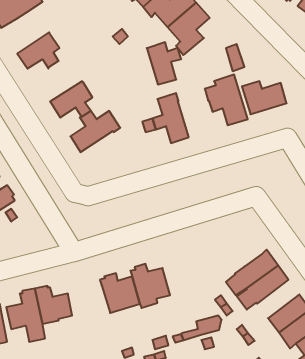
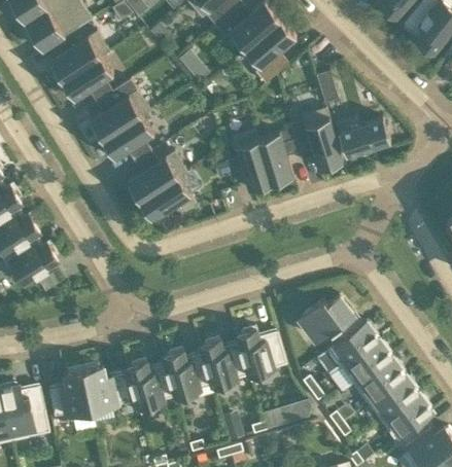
building: none -> [49,31,109,81]
building: [147,42,181,84] -> [257,132,300,183]
building: none -> [90,79,150,140]
building: none -> [139,176,198,221]
building: none -> [300,295,360,340]
building: none -> [237,327,287,383]
building: none -> [354,357,406,403]
building: none -> [127,359,175,415]

